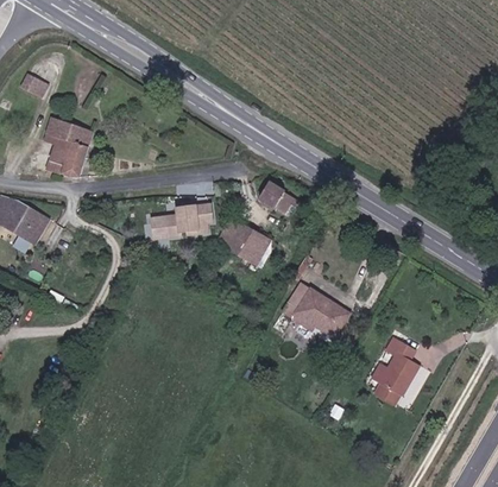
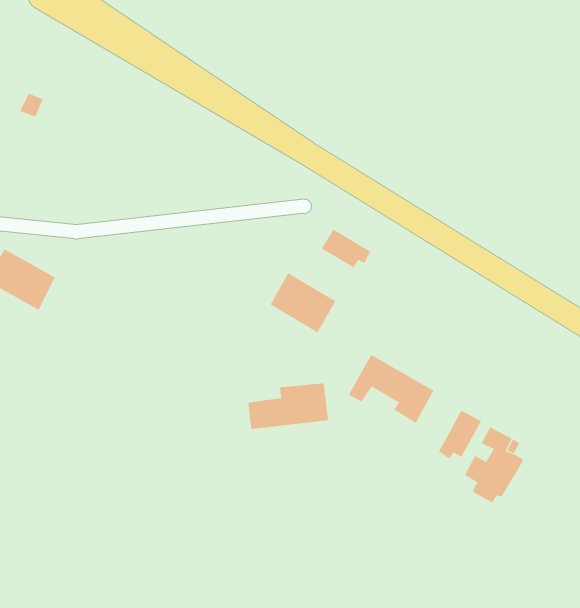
building: [43,120,94,178] -> none
building: [146,202,210,239] -> [247,383,329,430]
building: none -> [438,410,482,459]

